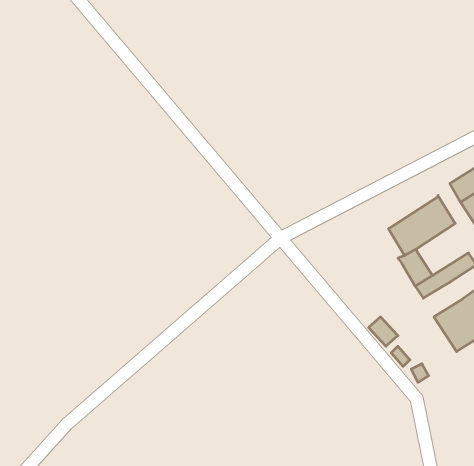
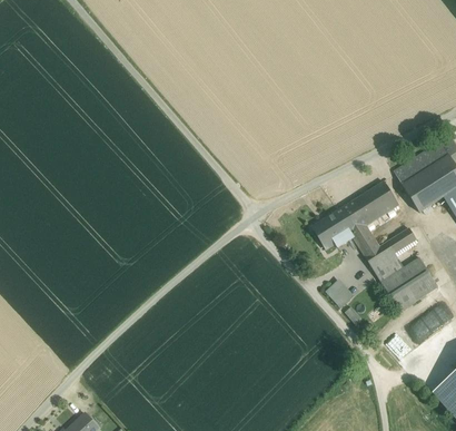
building: none -> [313,208,356,248]
building: none -> [371,253,404,282]

